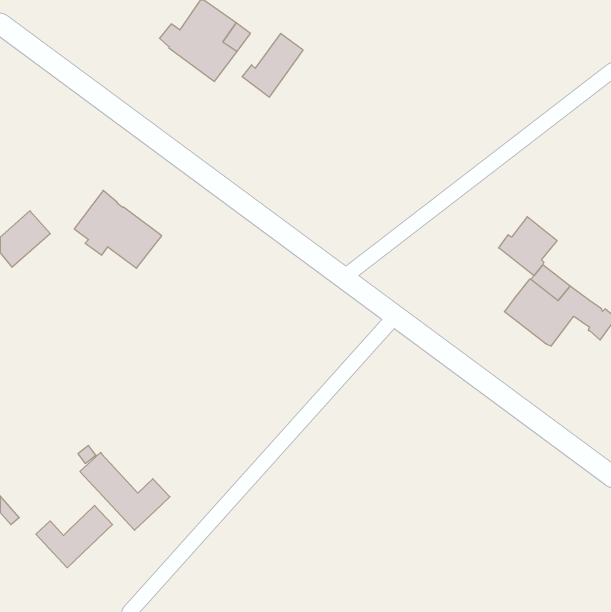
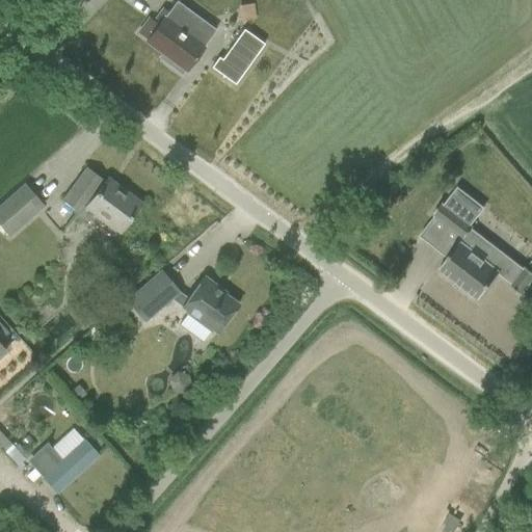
building: none -> [420,216,464,258]
building: none -> [126,270,181,323]
building: none -> [181,277,239,334]
building: [80,452,170,530] -> none

